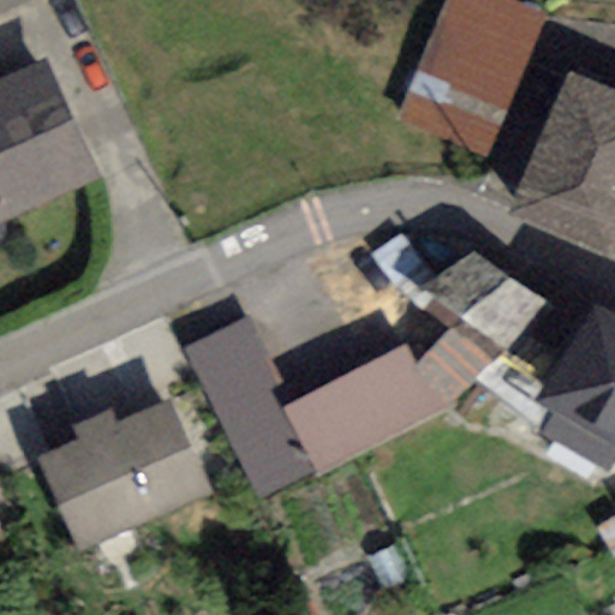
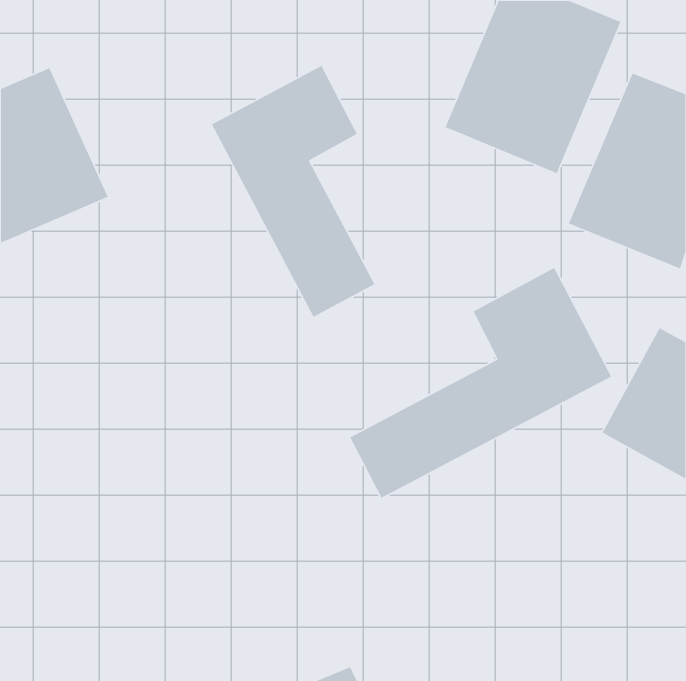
building: none -> [211,65,376,318]
building: [189,321,324,508] -> none
building: [31,398,209,550] -> none

